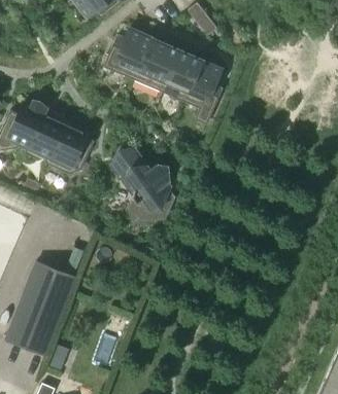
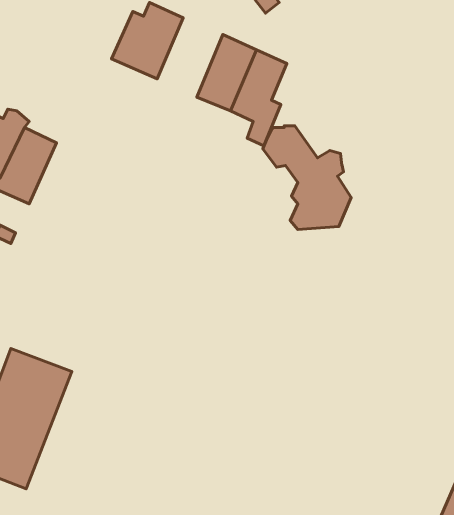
building: [134,38,178,92] -> none
building: [47,122,94,174] -> none
building: [112,149,172,219] -> [263,126,351,230]

